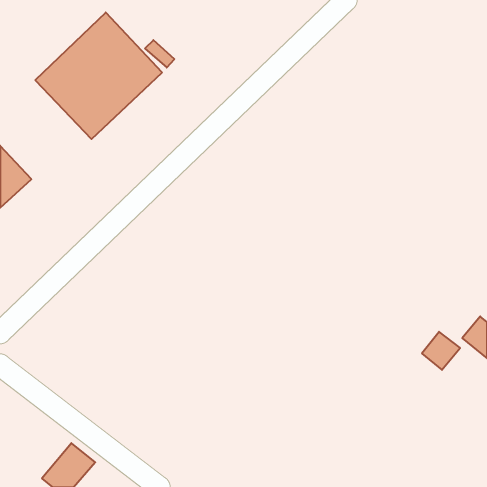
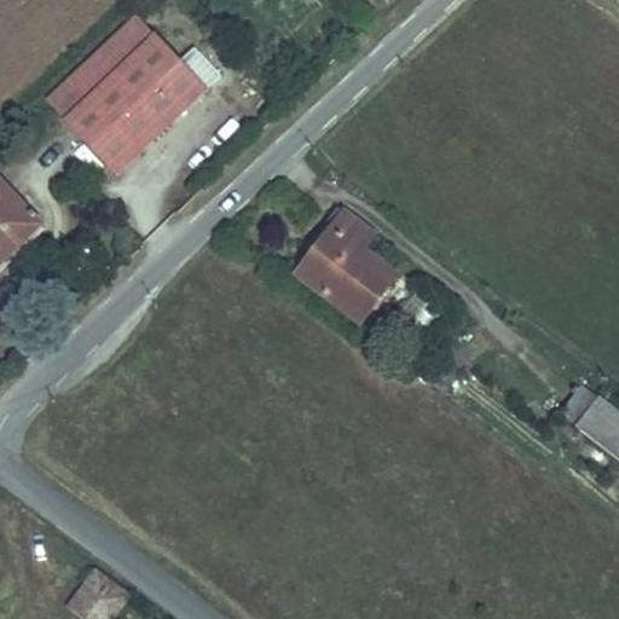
building: none -> [300,210,392,312]
building: [422,332,460,370] -> [561,381,609,429]

